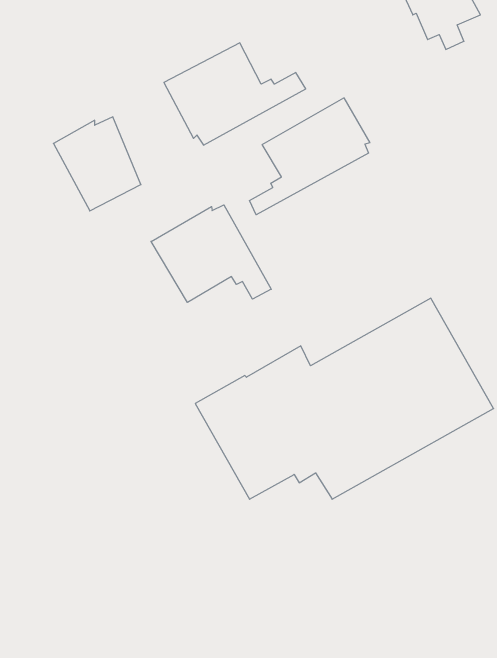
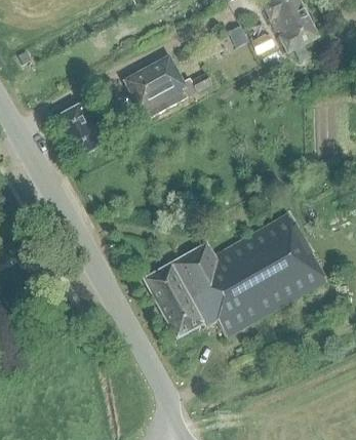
building: [249,98,370,215] -> none
building: [151,205,271,302] -> none

